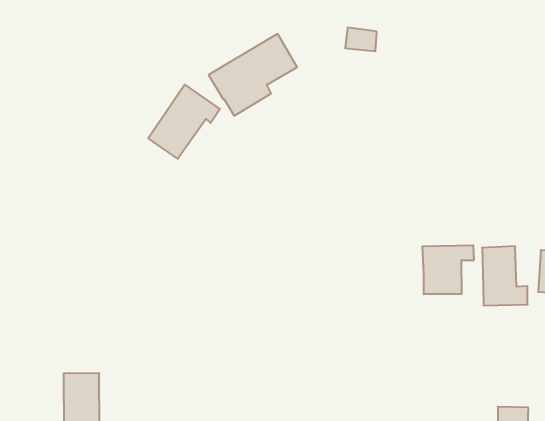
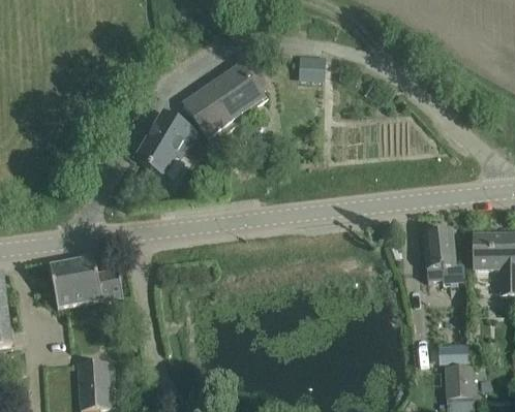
building: [423,245,474,294] -> none
building: none -> [50,256,124,306]
building: none -> [434,343,467,362]

